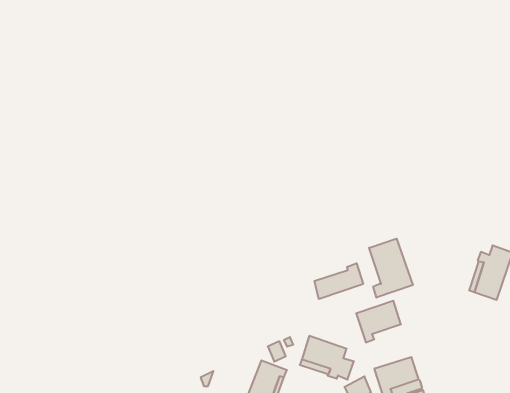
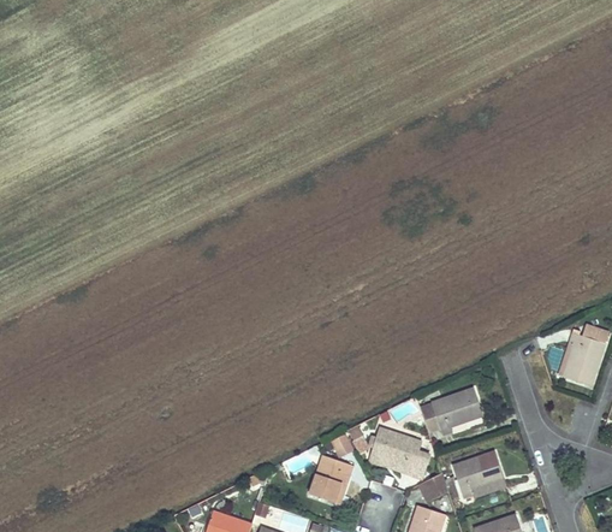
building: [369,239,413,298] -> none
building: [314,263,363,299] -> none

